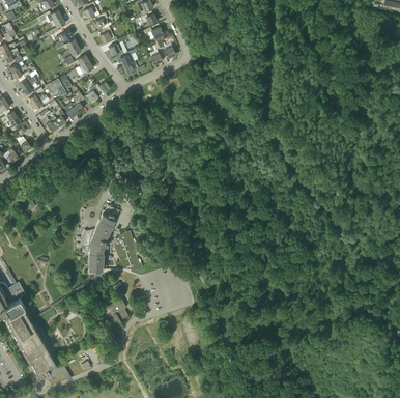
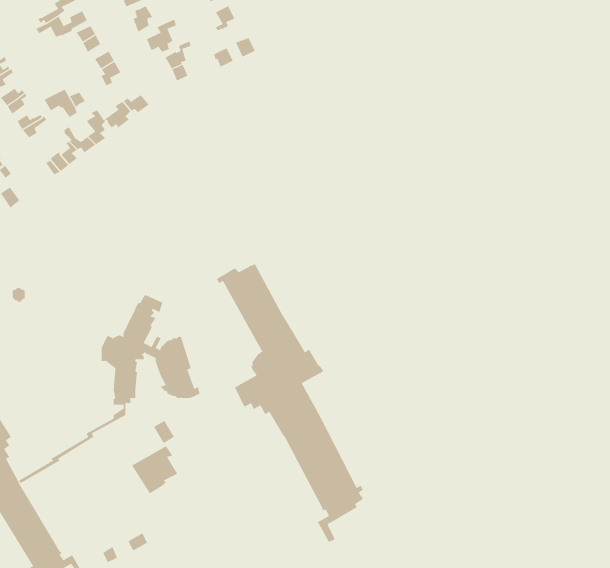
building: none -> [216,263,364,543]

